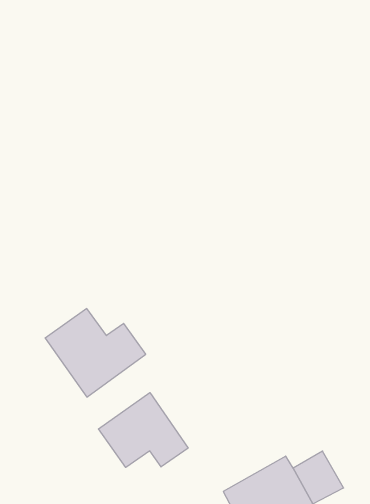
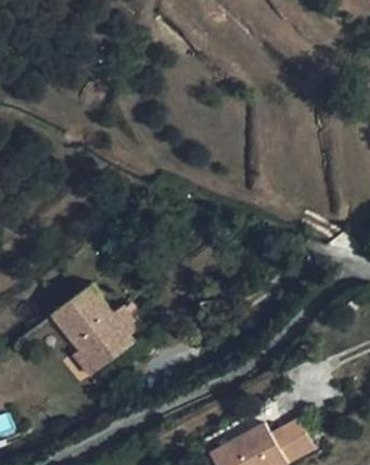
building: [98,393,188,467] -> none

